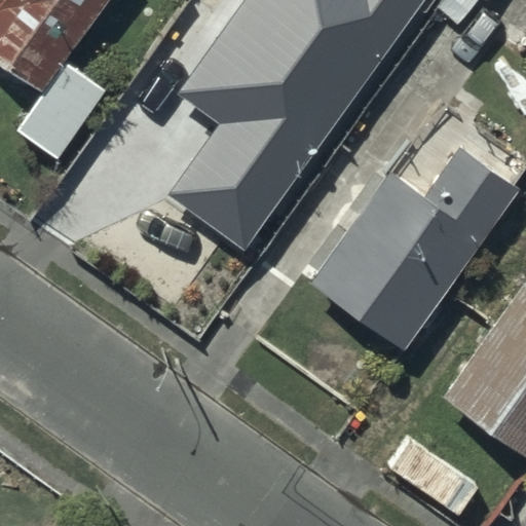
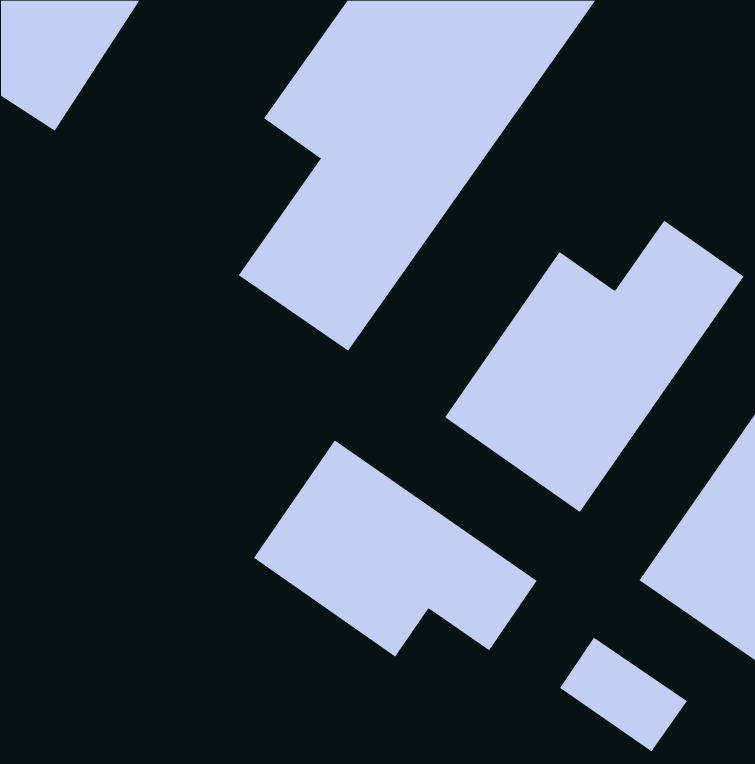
building: none -> [253,439,538,657]

